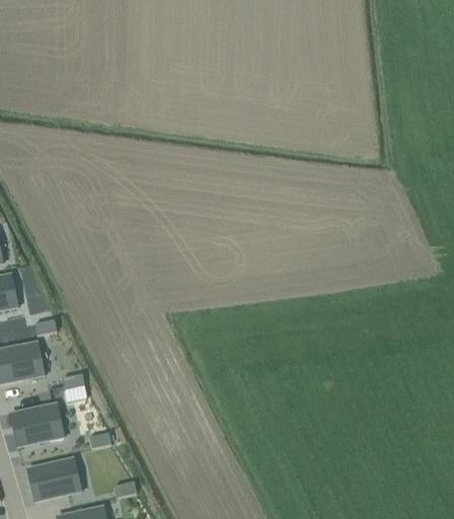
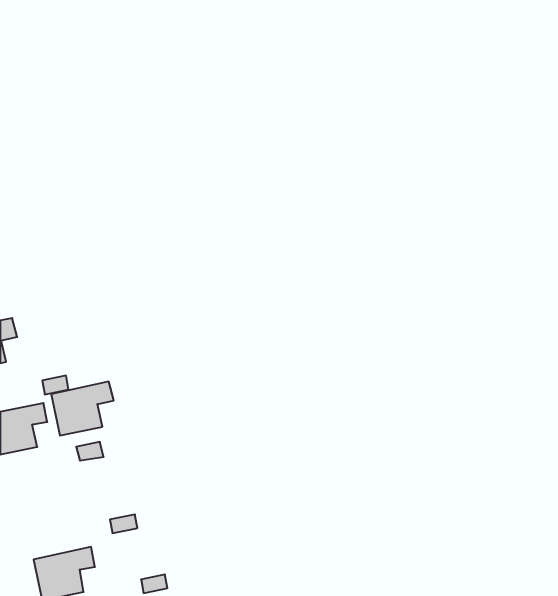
building: [9,403,60,447] -> [51,382,114,435]

